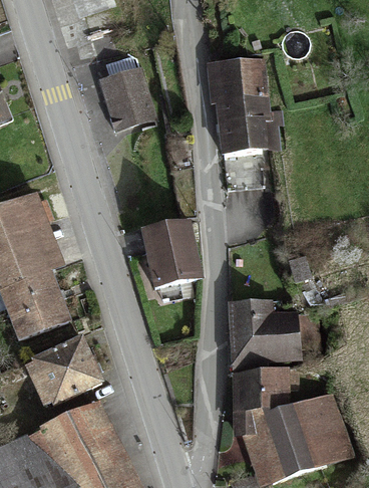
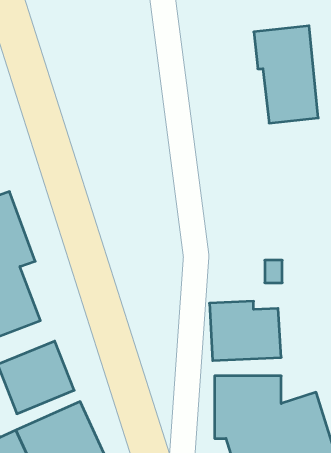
building: [210,57,273,153] -> [254,26,318,123]
building: [101,66,153,126] -> none
building: [134,221,200,284] -> none

